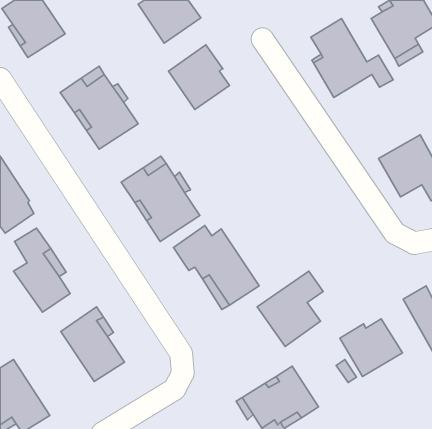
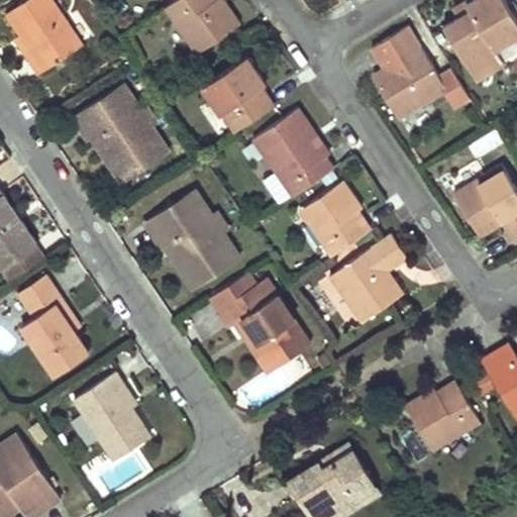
building: none -> [250,109,334,207]
building: none -> [302,181,371,256]
building: [257,271,323,347] -> [329,233,408,323]

